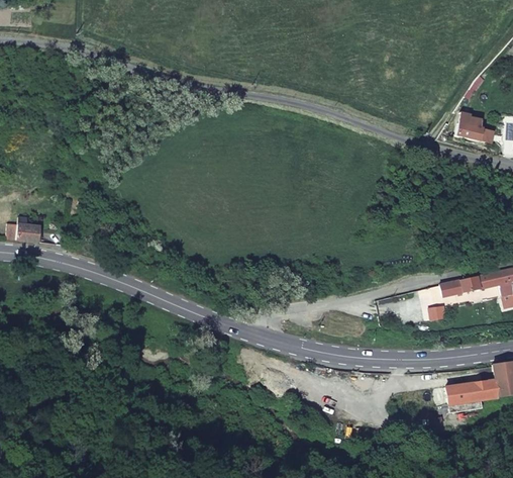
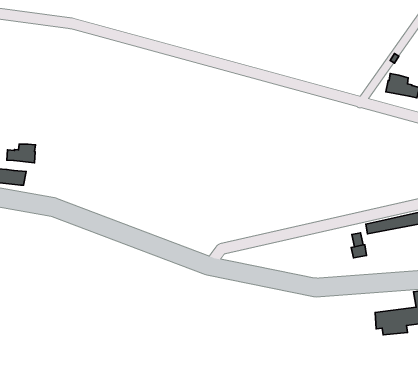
building: none -> [7,144,36,163]

